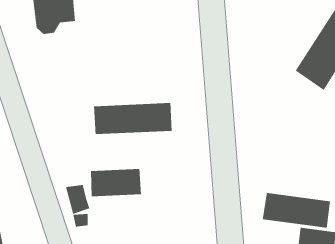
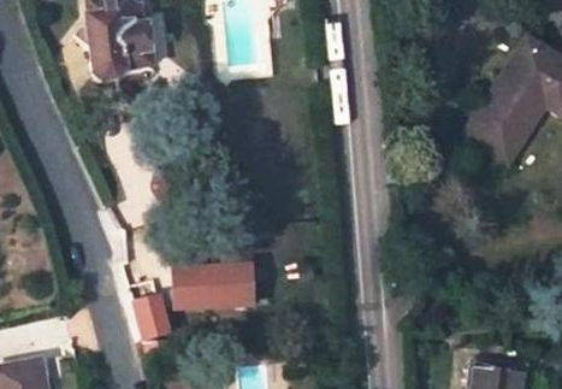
building: [94,102,172,135] -> none
building: [262,192,330,228] -> none

